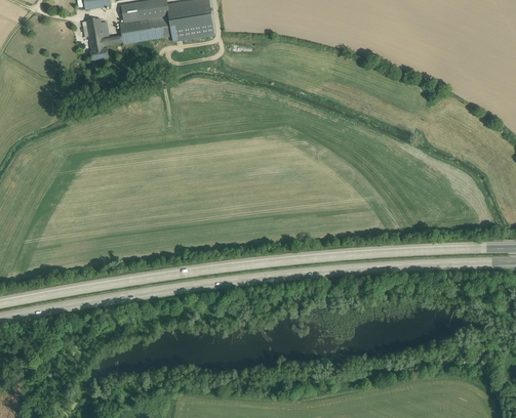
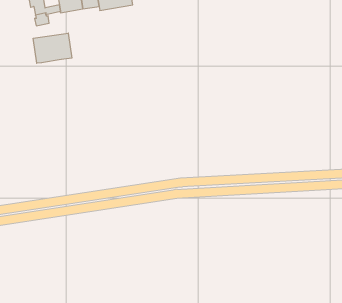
building: none -> [33,33,72,63]

